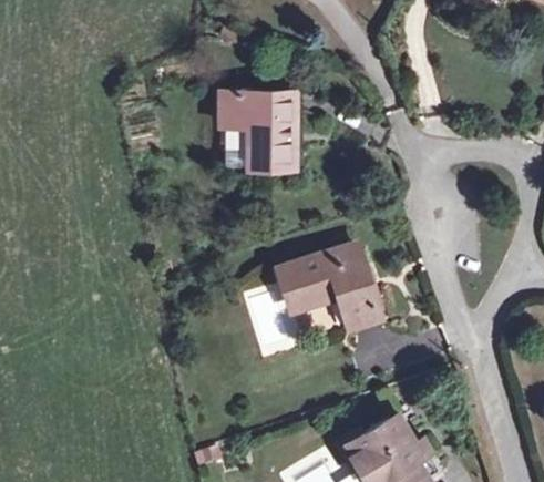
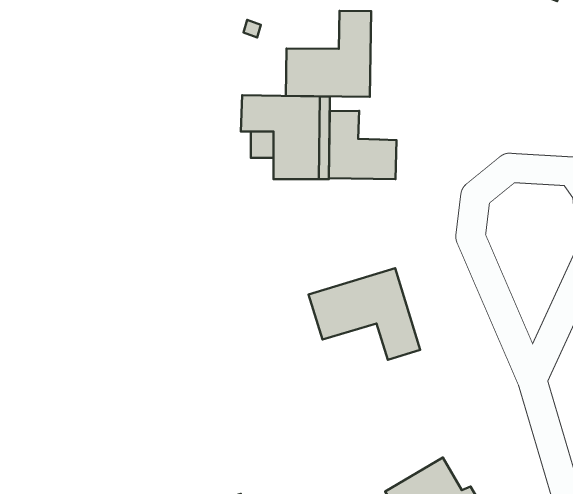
building: none -> [286,11,371,97]
building: none -> [329,111,397,179]

